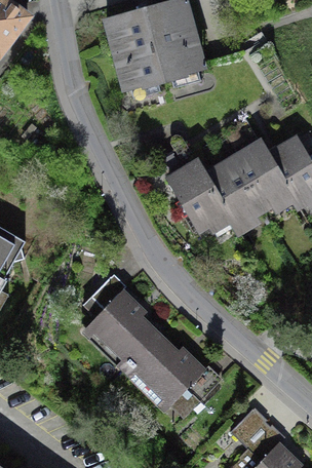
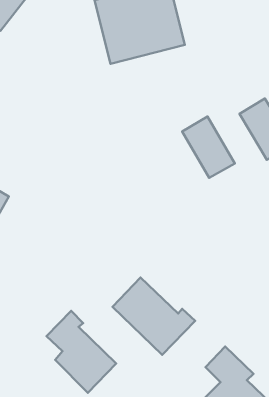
building: [231,139,288,206] -> none
building: [167,159,233,232] -> none
building: [82,273,158,362] -> [47,311,116,393]

